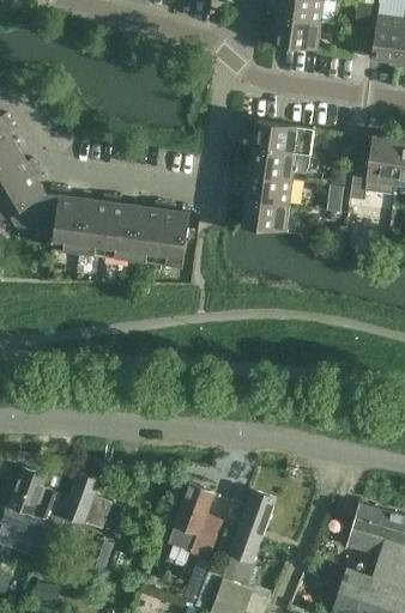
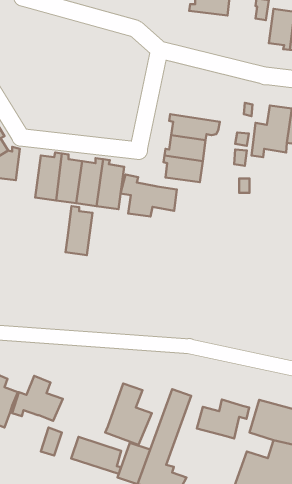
building: [271,18,320,51] -> none
building: [248,121,314,157] -> none
building: [53,190,86,251] -> [66,206,92,255]
building: none -> [121,174,177,217]
building: none -> [197,400,249,439]
building: none -> [71,437,121,474]

